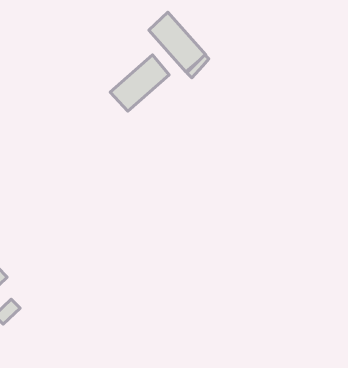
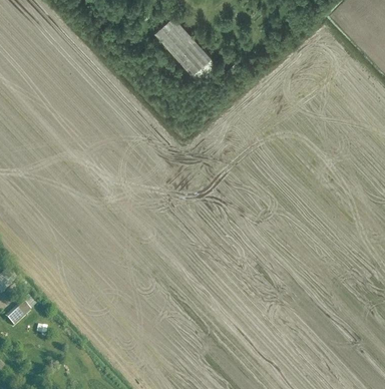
building: [110,55,169,111] -> none

